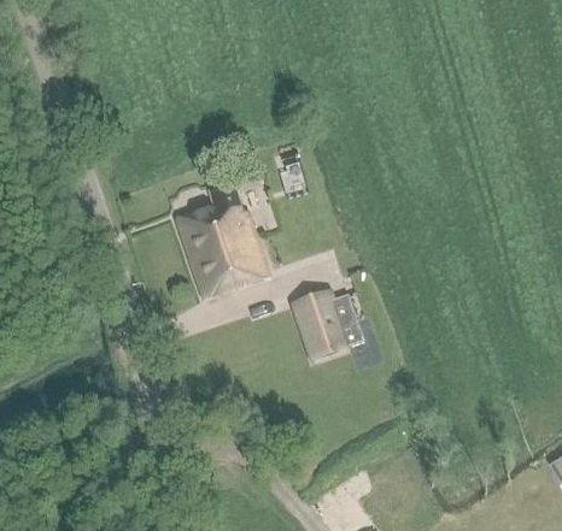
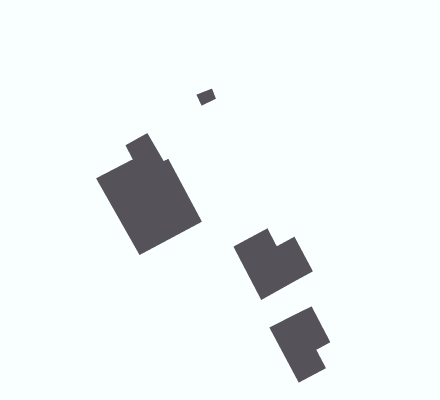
building: none -> [268,306,331,383]

